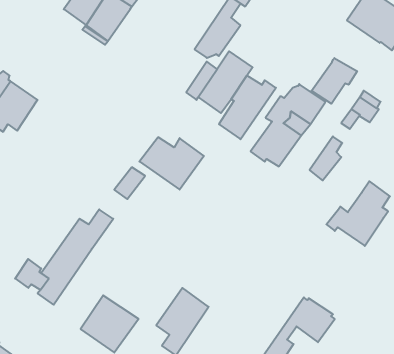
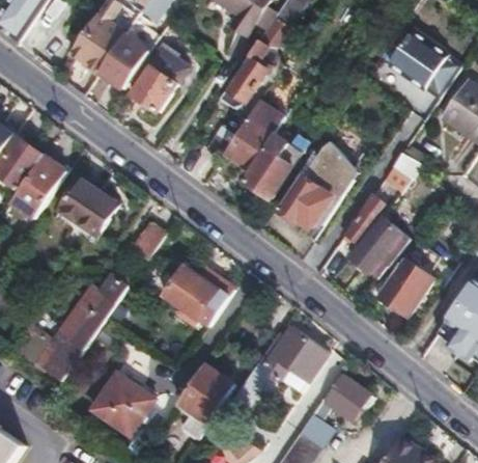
building: none -> [134,49,188,109]
building: [311,58,357,104] -> none
building: none -> [11,155,66,218]
building: none -> [59,179,117,232]
building: [139,137,204,190] -> [163,268,234,326]
building: none -> [352,218,407,276]
building: none -> [232,326,328,407]

